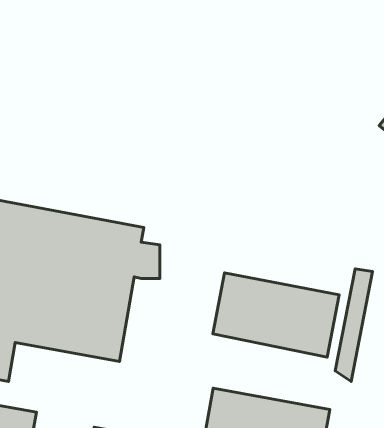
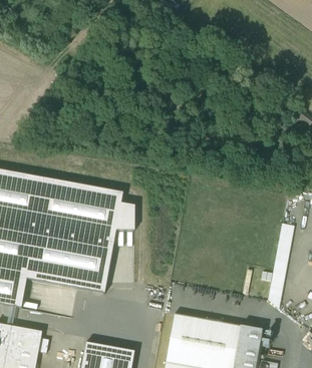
building: [213,273,339,357] -> none

